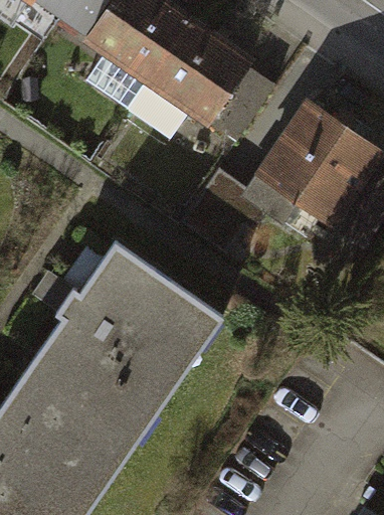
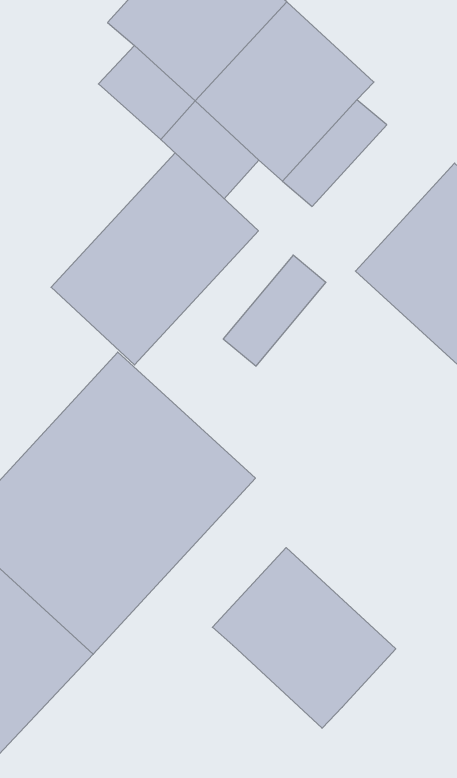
building: none -> [51,153,258,365]
building: none -> [212,548,396,728]

